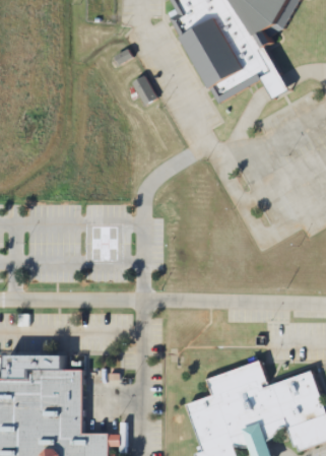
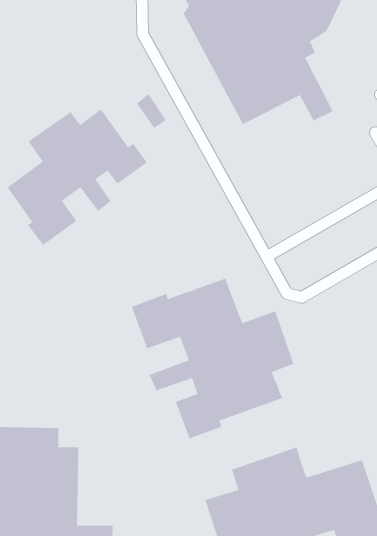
building: none -> [7,109,147,246]
building: none -> [131,278,294,439]

